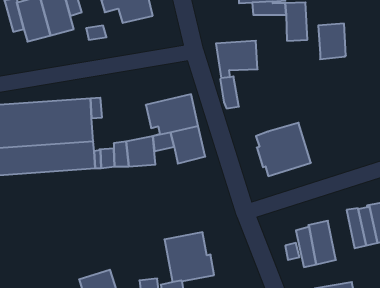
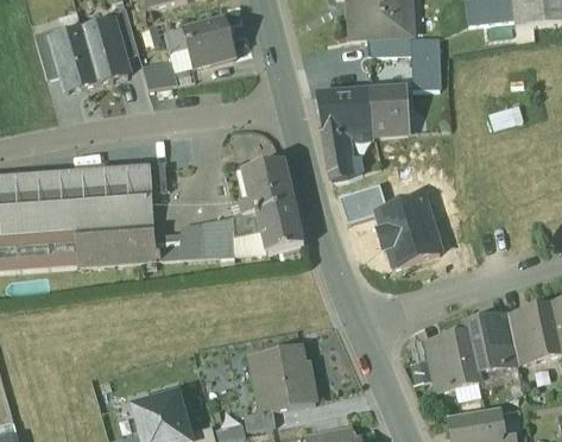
building: [318,24,346,59] -> [372,86,409,133]
building: none -> [339,179,389,222]
building: none -> [466,312,504,370]

